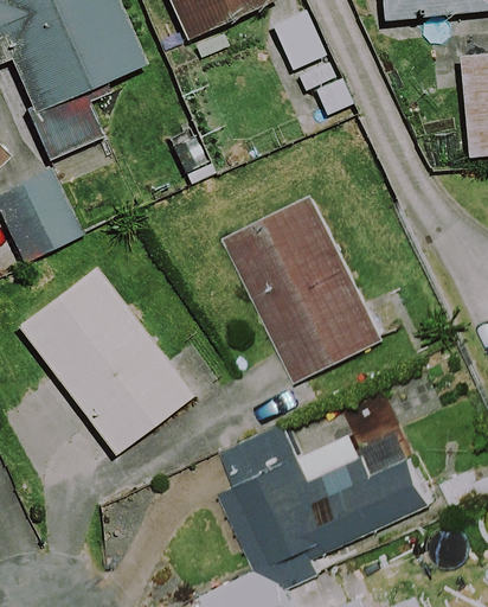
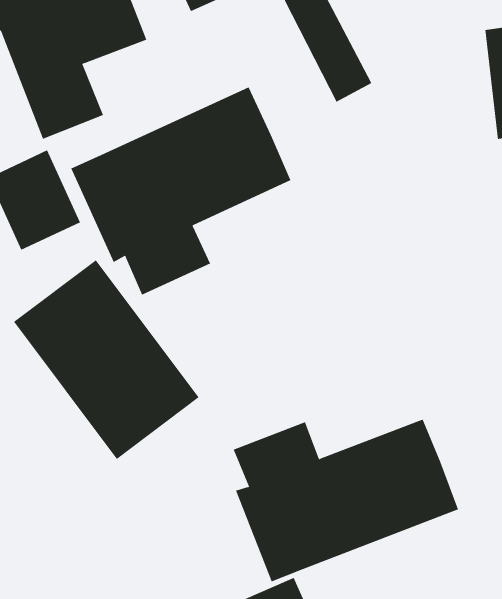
building: none -> [70,87,291,295]
building: [229,199,385,384] -> none

